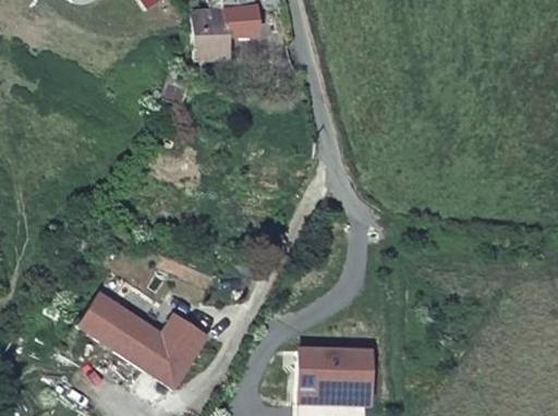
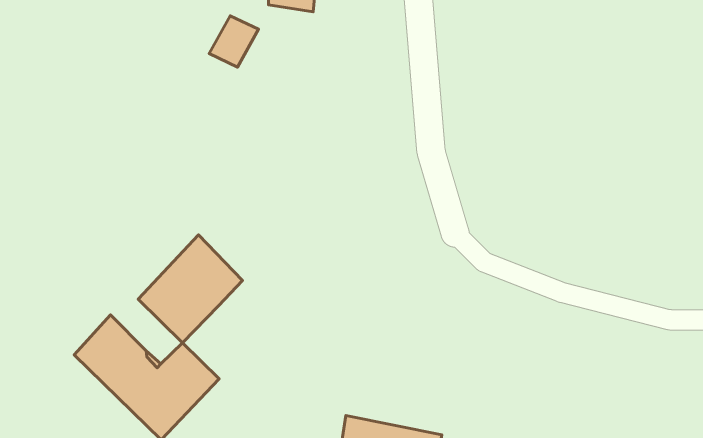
building: none -> [138,235,243,343]
building: [77,290,119,335] -> none

